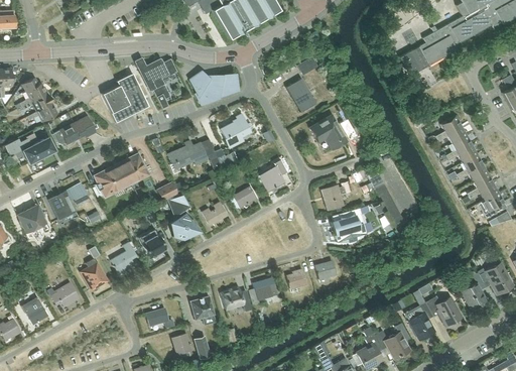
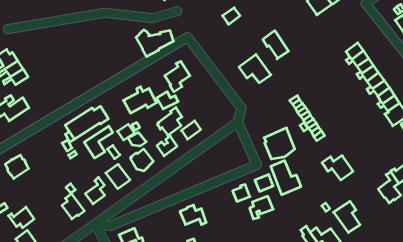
building: [143,58,177,108] -> none
building: [103,73,149,123] -> none
building: [287,78,316,112] -> [263,31,289,59]
building: [54,117,96,144] -> none
building: [257,159,287,192] -> [157,107,182,135]
building: [322,181,352,210] -> none
building: [49,183,85,220] -> [84,126,113,158]
building: none -> [271,161,301,195]
building: [250,278,278,303] -> [250,196,273,219]
building: [48,282,79,306] -> [8,207,34,228]
building: [189,295,215,320] -> none
building: [426,296,463,326] -> [322,156,353,180]

